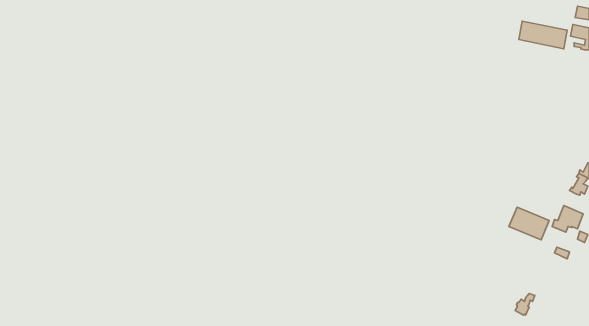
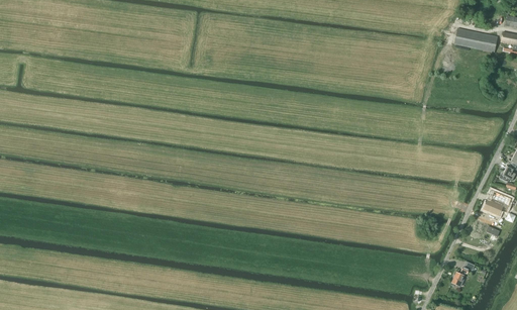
building: [509,207,549,240] -> none

